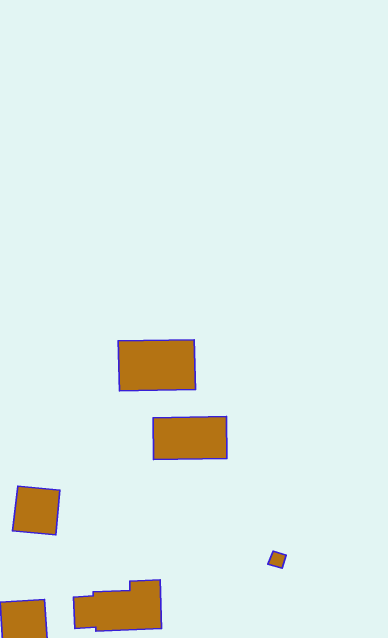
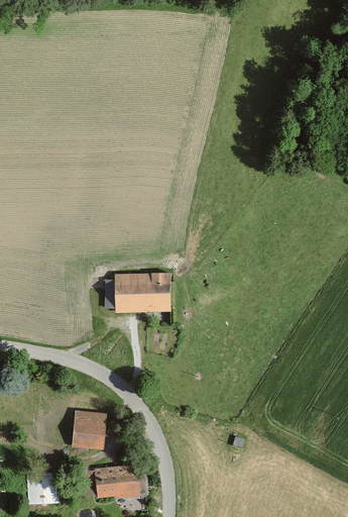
building: [153,417,227,460] -> none
building: [12,486,60,535] -> [71,410,107,447]

